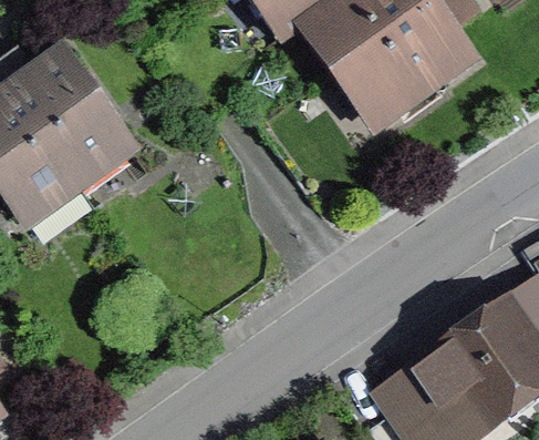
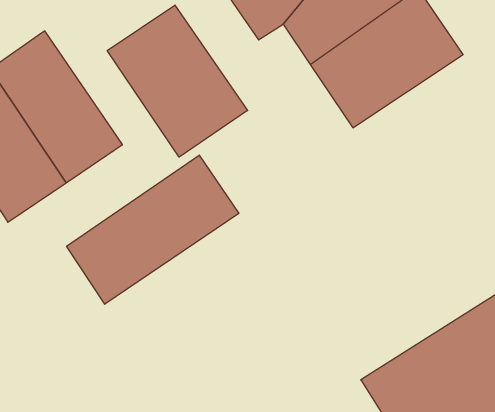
building: none -> [107,5,248,157]
building: none -> [67,155,239,304]

